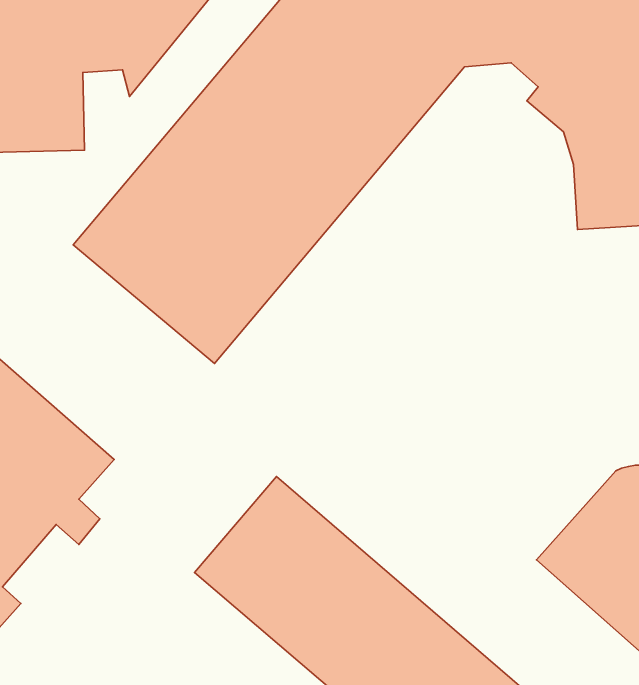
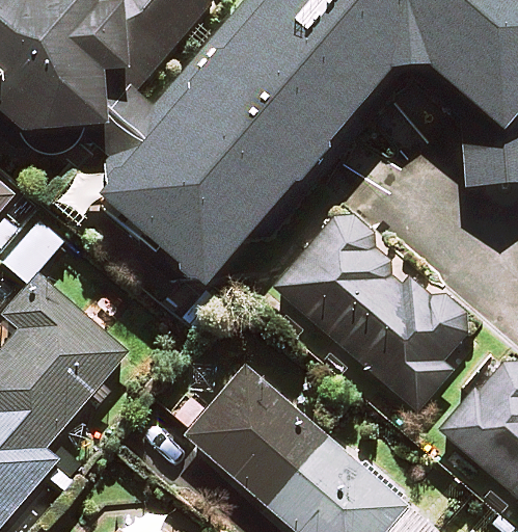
building: none -> [274,218,475,411]

